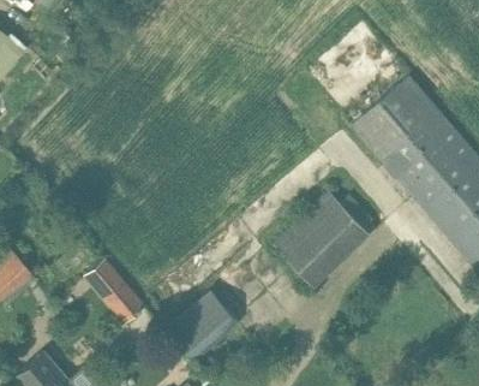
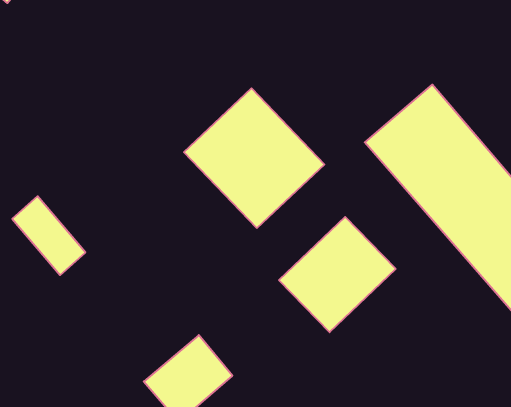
building: none -> [184,88,324,228]
building: [82,257,144,325] -> [12,196,85,275]

